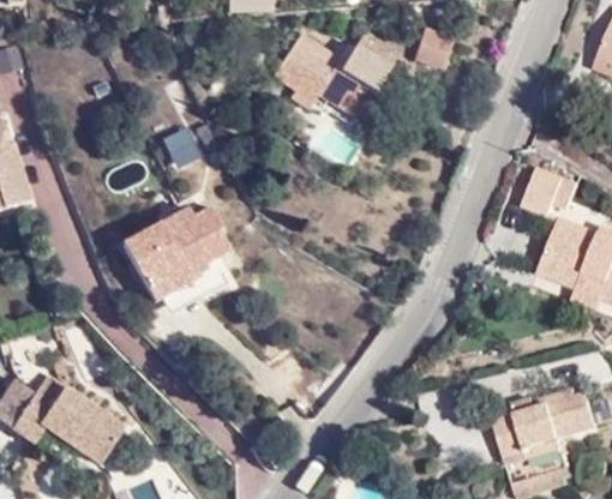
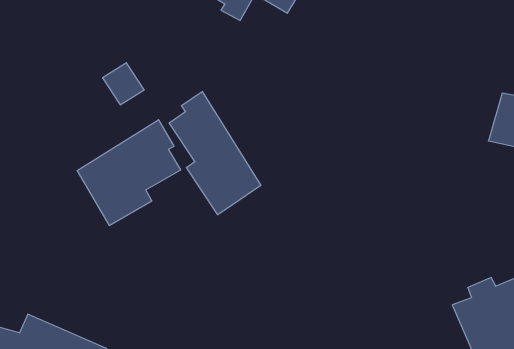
building: [520,164,575,214] -> none
building: none -> [169,91,261,215]

